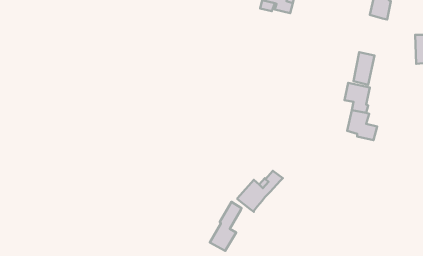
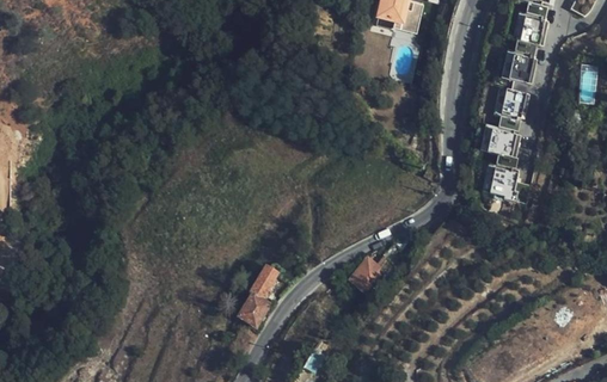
building: none -> [508,37,537,82]
building: [210,202,242,251] -> [237,264,278,328]

